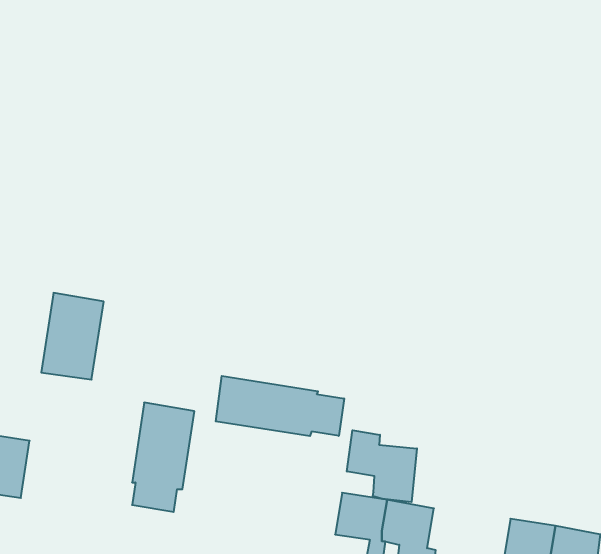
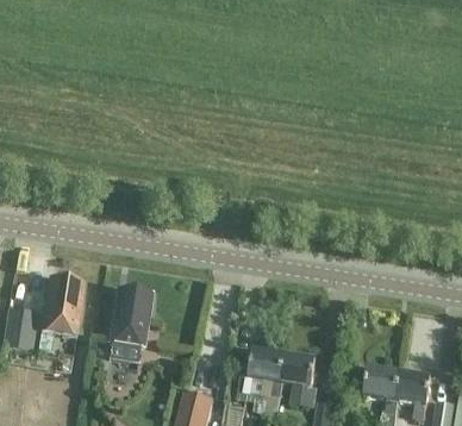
building: [41,293,104,380] -> [40,275,83,334]
building: [216,376,344,436] -> none
building: [347,430,417,502] -> none

